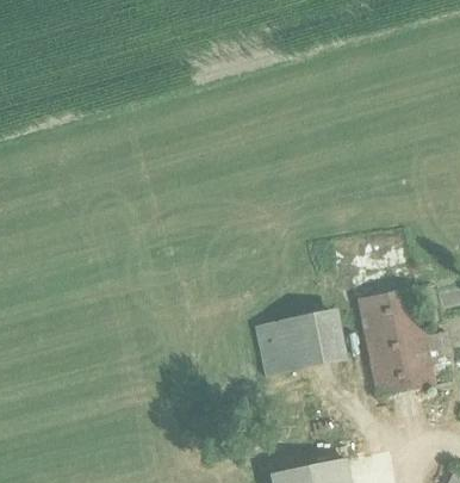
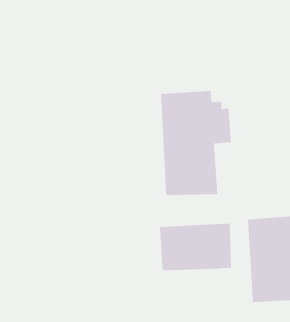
building: none -> [160,90,232,196]

